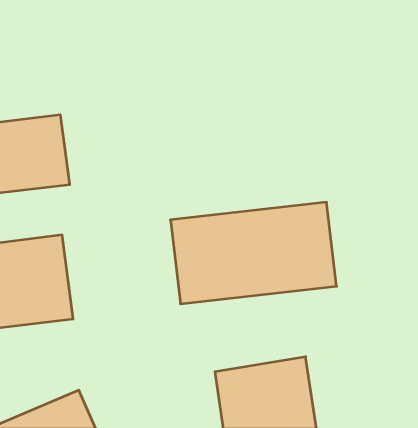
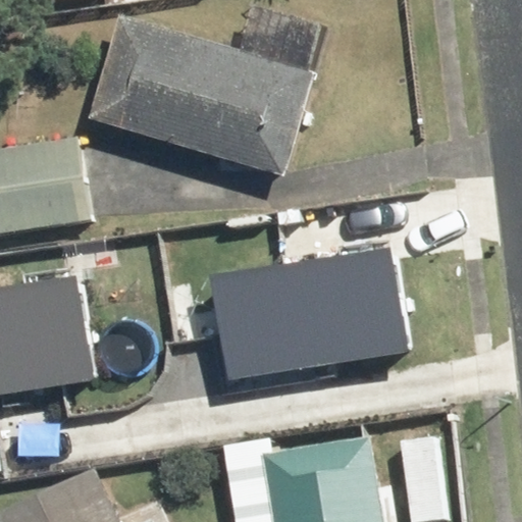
building: none -> [92,18,310,173]

